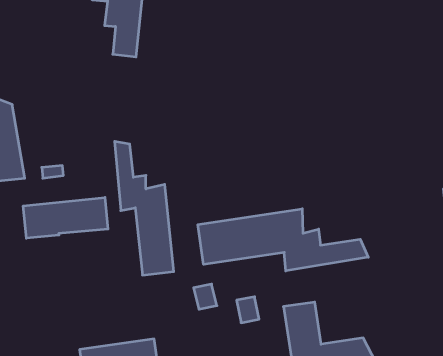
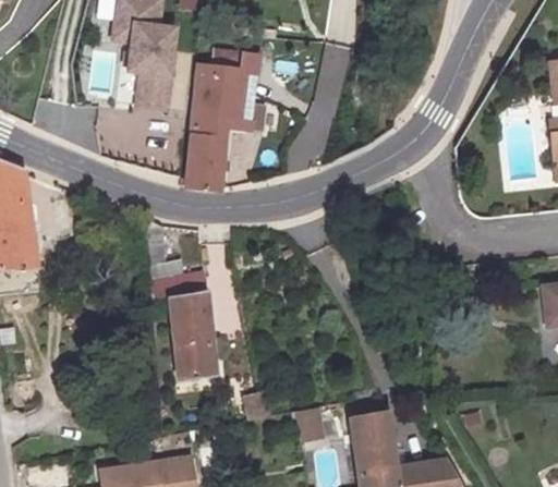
building: none -> [190,49,267,190]
building: [23,197,108,238] -> none
building: [198,209,368,271] -> none

